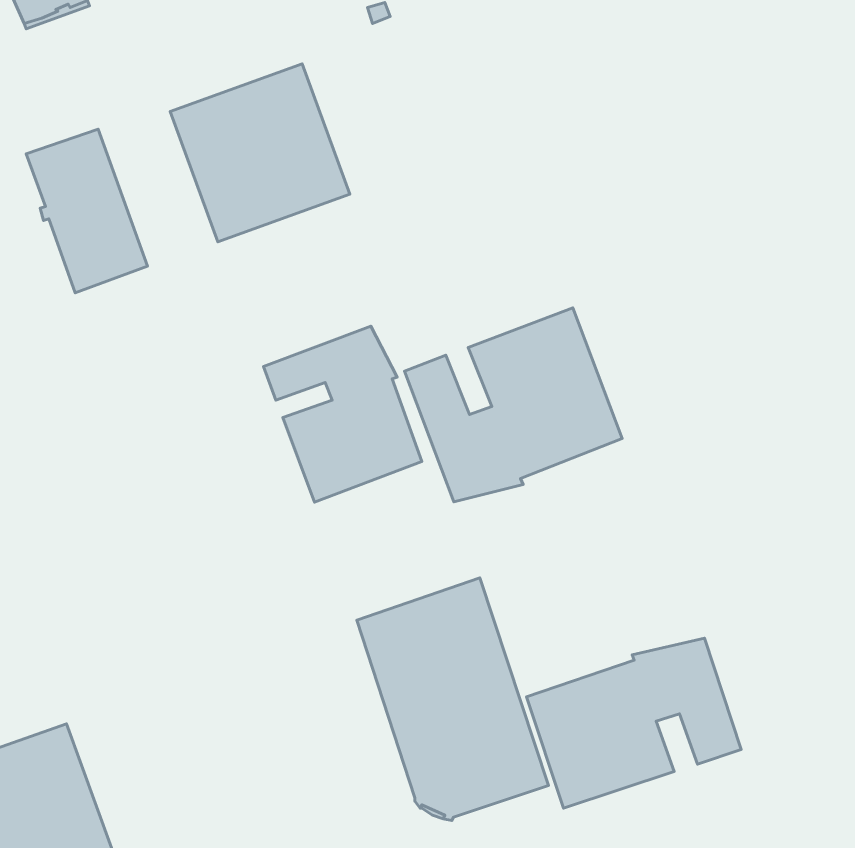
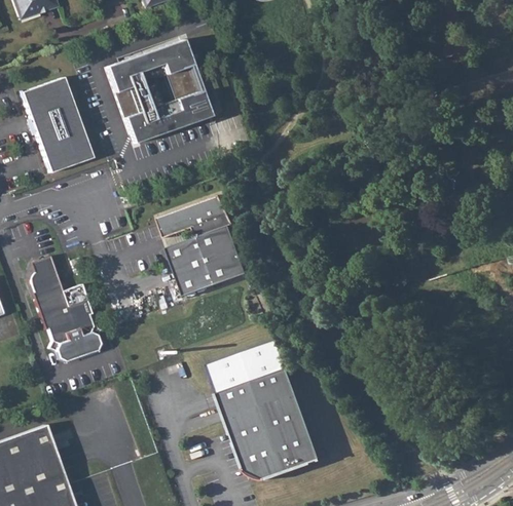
building: [405,308,622,502] -> none
building: none -> [29,257,100,362]
building: [527,638,741,808] -> none

